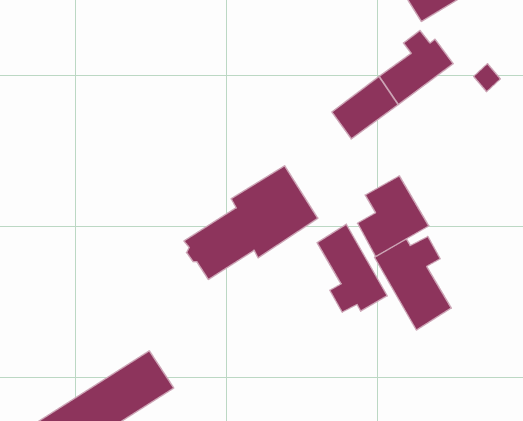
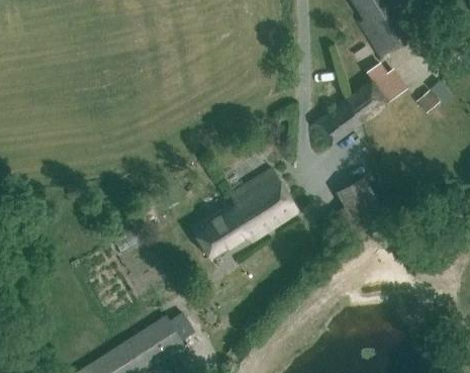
building: [317,224,387,312] -> none
building: [375,236,451,330] -> none

